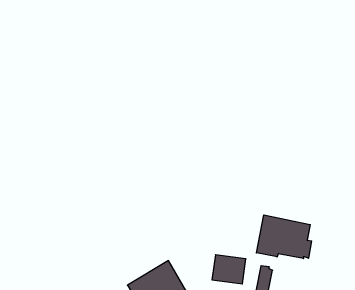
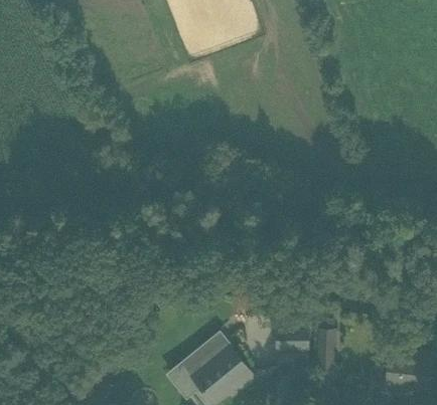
building: [256,215,312,259] -> none

